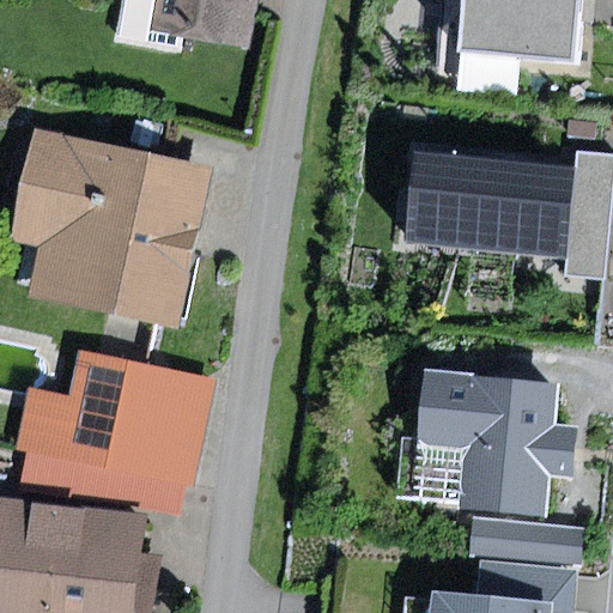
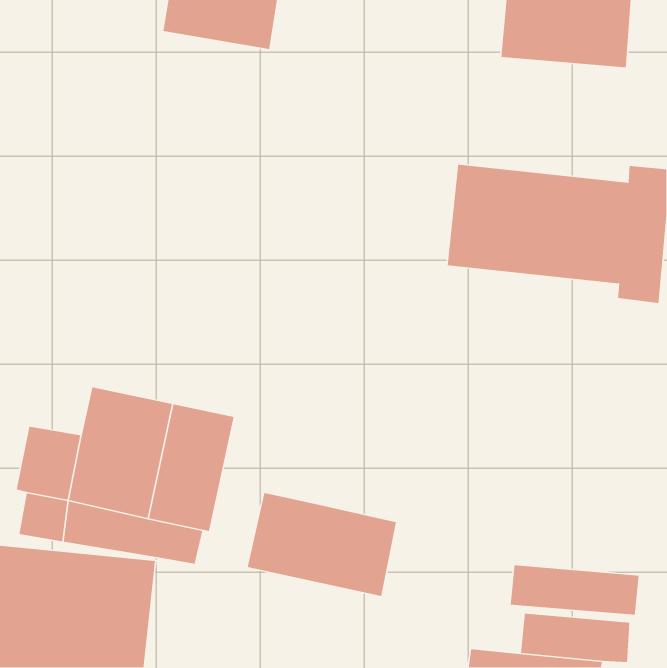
building: [12,129,214,326] -> none
building: [417,371,578,518] -> none
building: none -> [247,492,397,597]

